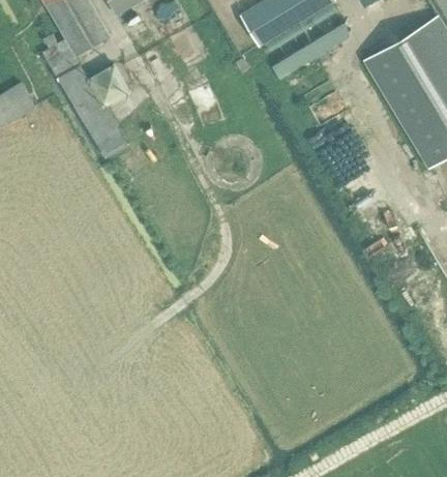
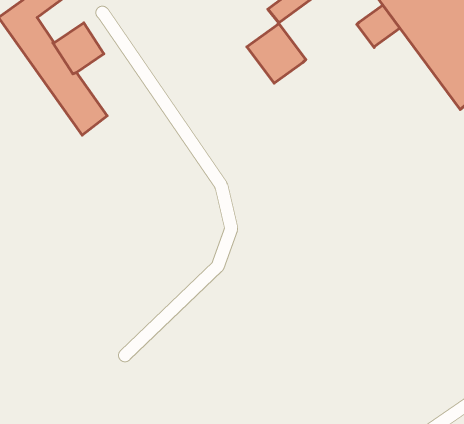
building: none -> [357,5,400,47]
building: none -> [247,23,306,83]

